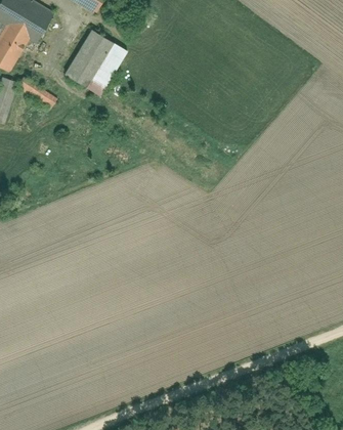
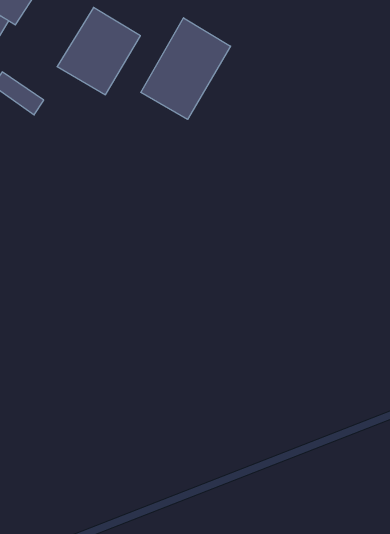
building: none -> [141,18,231,119]

